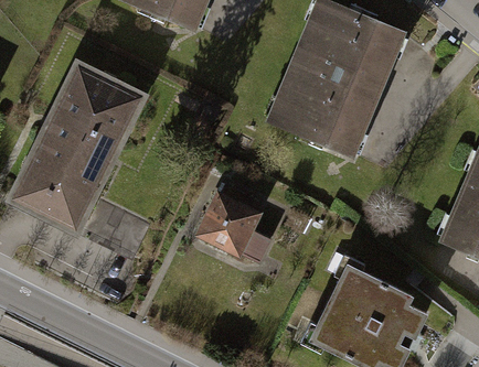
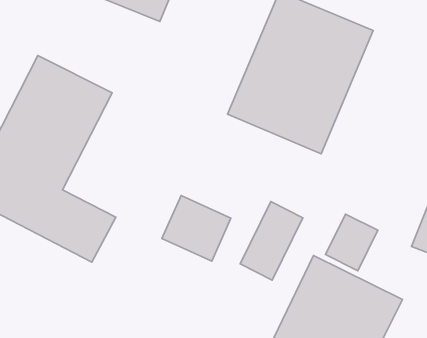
building: none -> [240,201,303,280]
building: none -> [326,214,378,271]

